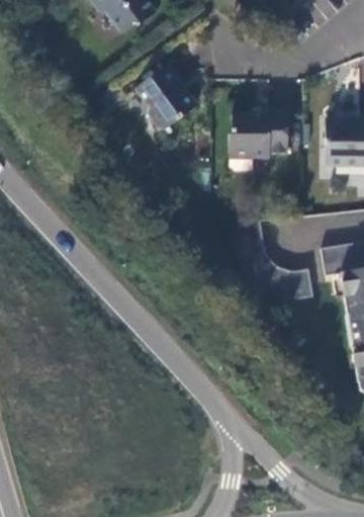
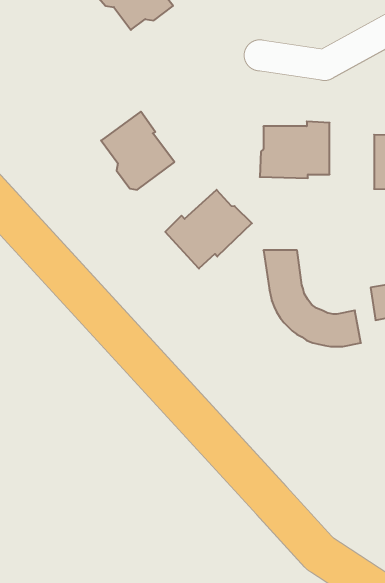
building: [135,64,197,130] -> [101,112,174,190]
building: none -> [165,190,252,269]

